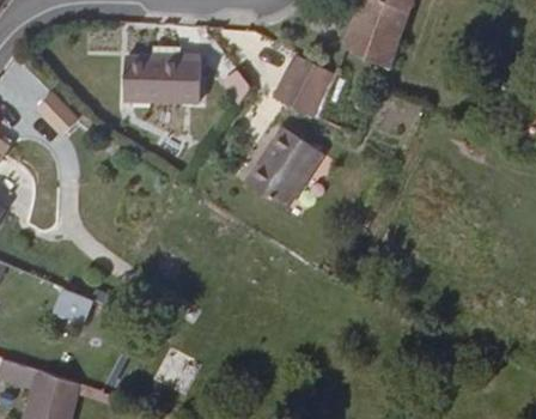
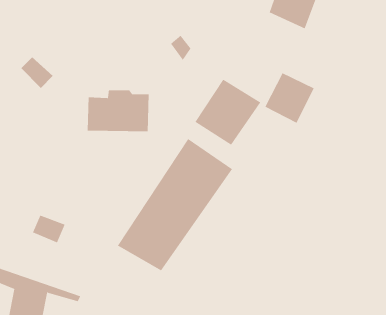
building: [272,53,333,115] -> [264,73,314,123]
building: [124,54,201,105] -> [87,90,149,132]
building: none -> [117,138,233,271]

